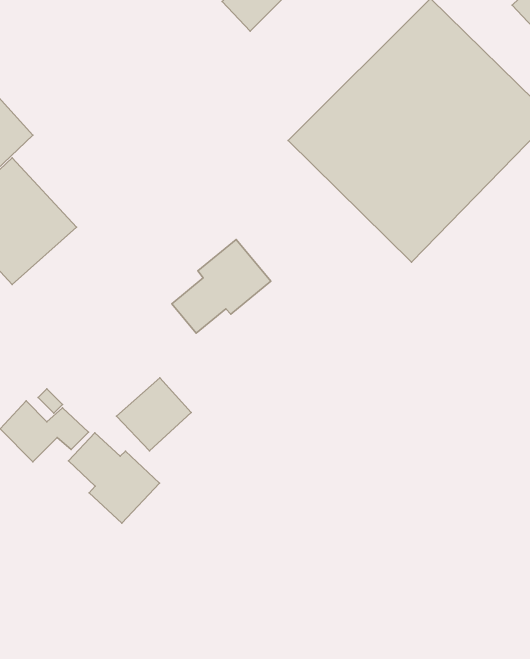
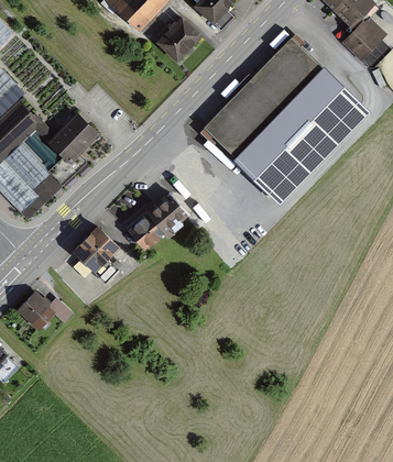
building: none -> [48,113,97,161]
building: [116,378,191,451] -> [70,227,118,273]
building: [68,433,160,523] -> none

